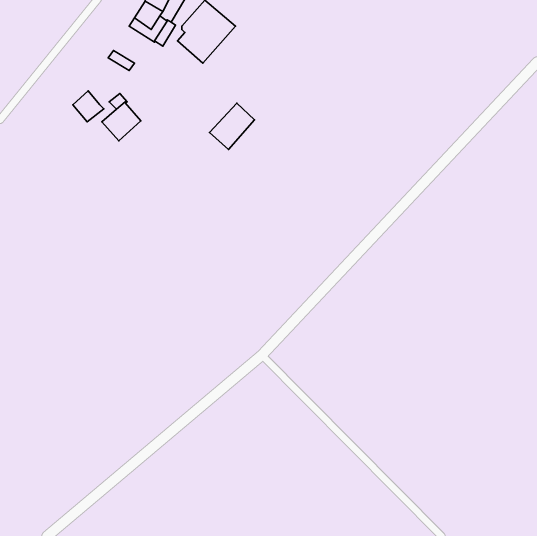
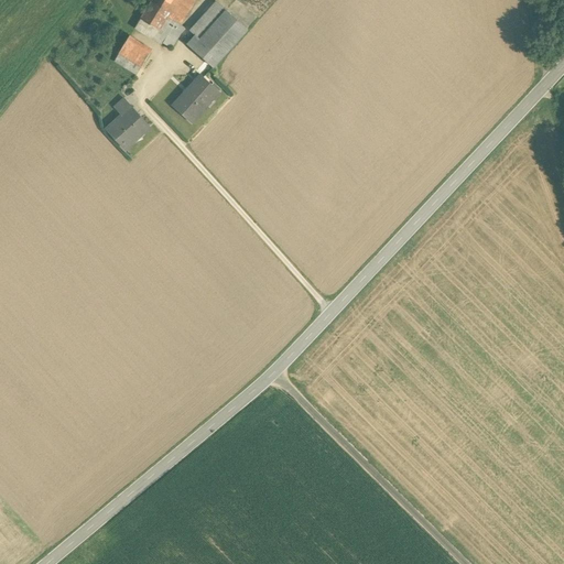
building: none -> [119,35,151,66]
building: [73,91,104,122] -> none
building: [209,103,255,149] -> [172,74,219,122]

